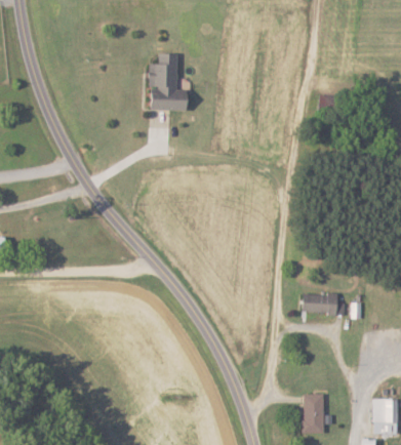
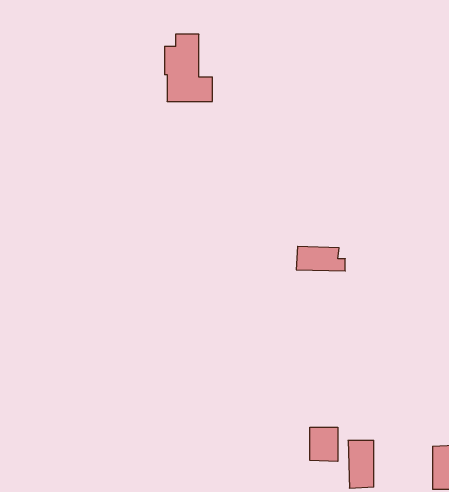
building: [303,293,344,314] -> [296,246,345,271]
building: none -> [310,427,338,461]

